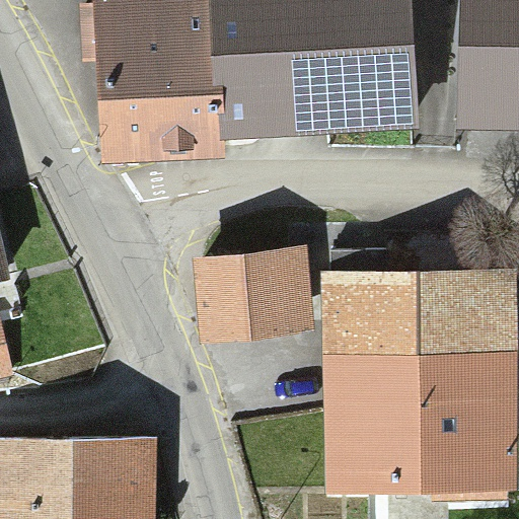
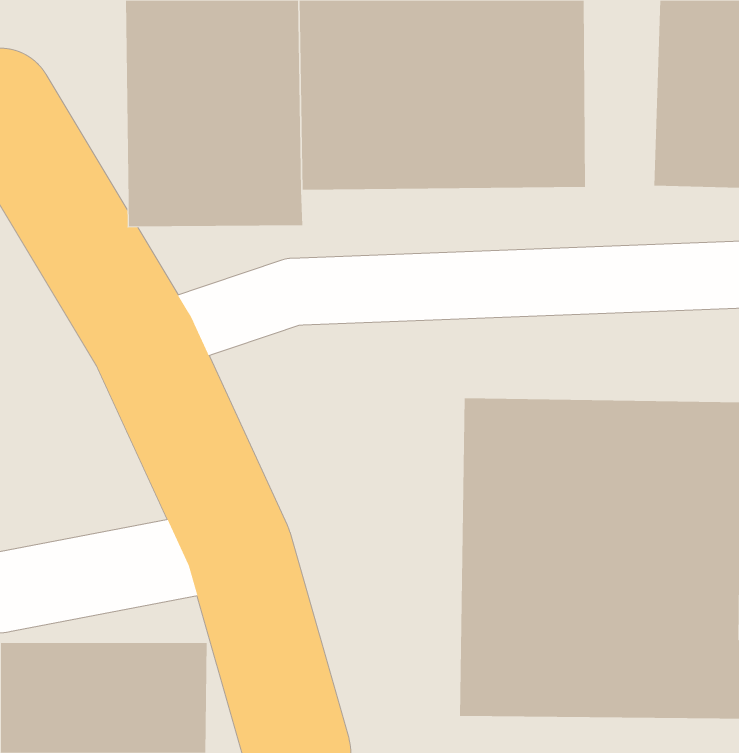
building: [196,256,311,338] -> none

